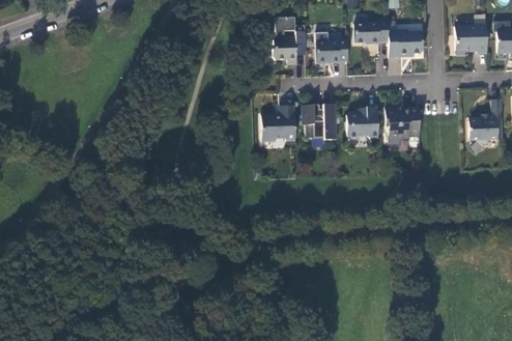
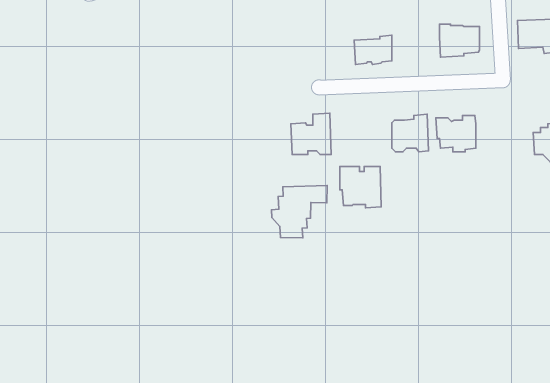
building: [272,17,306,64] -> none
building: [354,19,388,44] -> none
building: [302,104,337,139] -> [340,167,381,208]
building: none -> [271,186,327,238]

